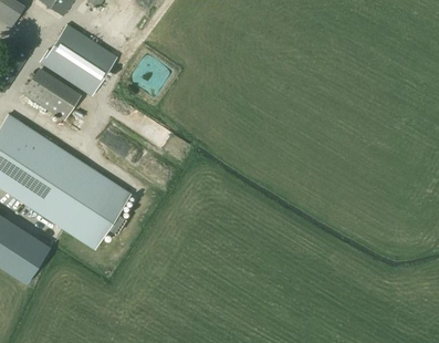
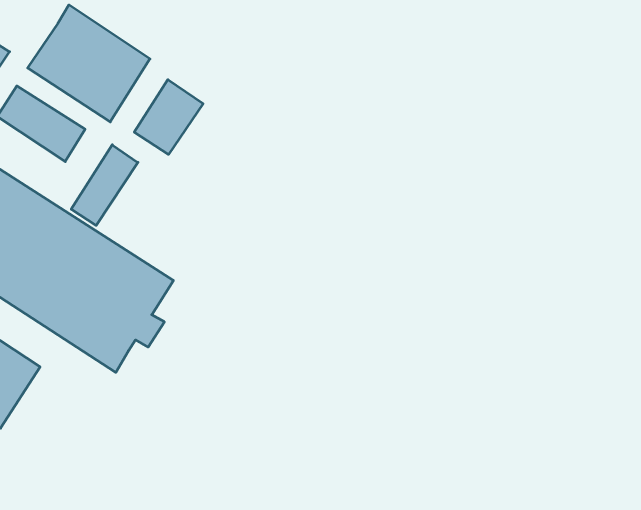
building: none -> [134,80,203,154]
building: none -> [71,145,138,225]

